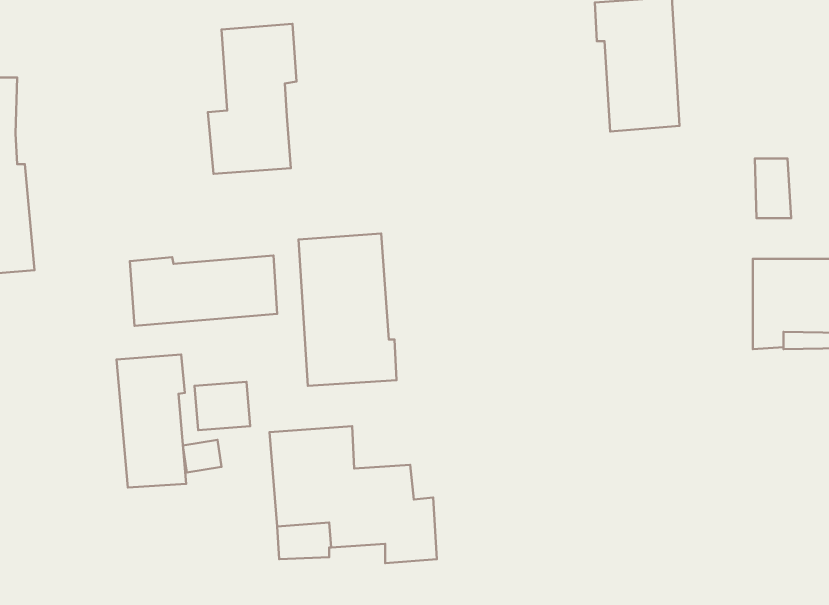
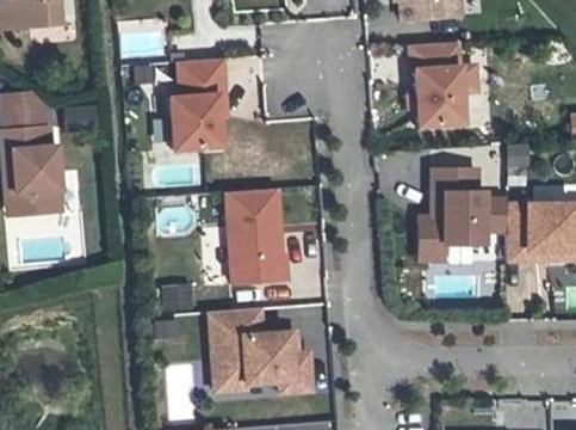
building: none -> [419,168,507,260]
building: [130,255,277,326] -> none
building: [117,355,186,487] -> none

